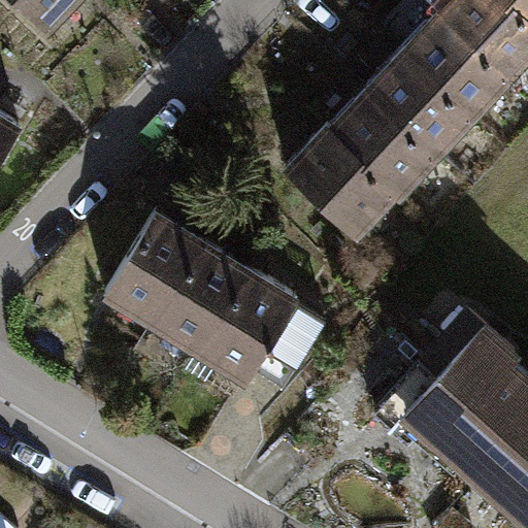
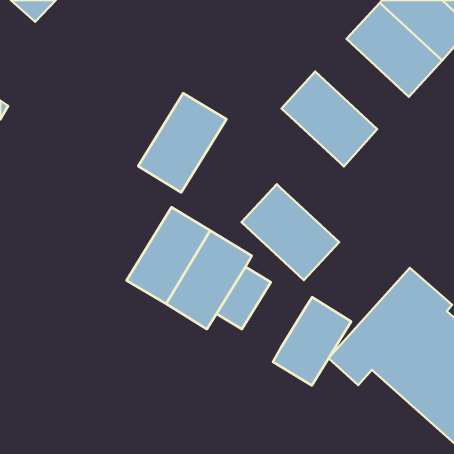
building: [368,54,475,157] -> none
building: [286,129,397,238] -> [242,184,339,280]
building: [103,216,204,329] -> [138,93,226,193]
building: none -> [273,297,351,385]

